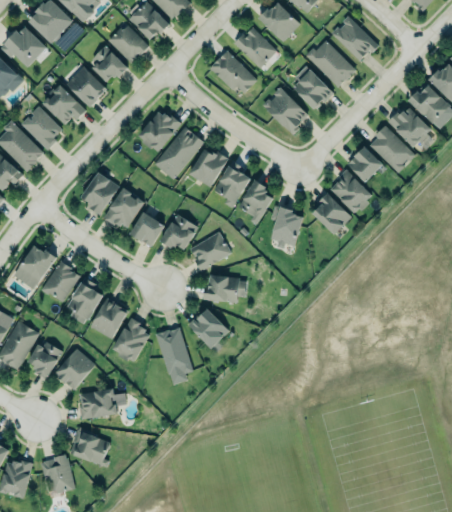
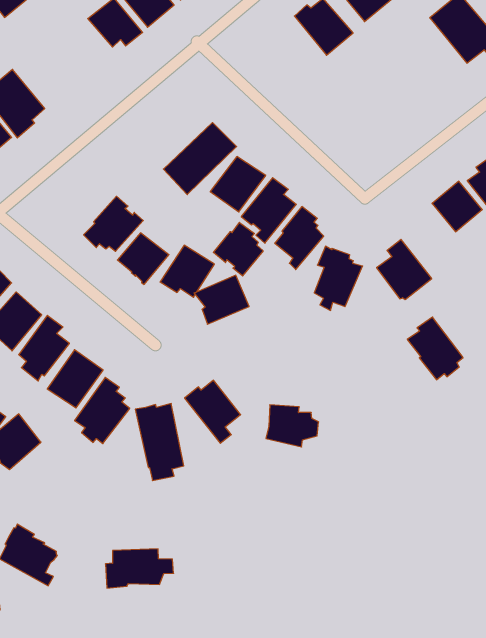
building: [306,41,356,89] -> none
building: [211,51,258,94] -> none
building: [65,66,107,107] -> none
building: [290,68,333,111] -> none
building: [42,85,86,125] -> none
building: [263,86,307,137] -> none
building: [138,110,181,150] -> none
building: [81,171,120,214] -> none
building: [331,172,372,216] -> [407,317,463,380]
building: none -> [213,222,263,276]
building: [206,273,242,301] -> [266,405,319,447]
building: [73,389,122,421] -> [105,549,174,588]

